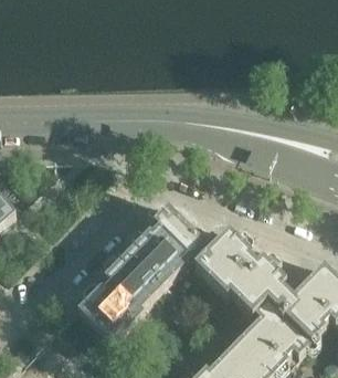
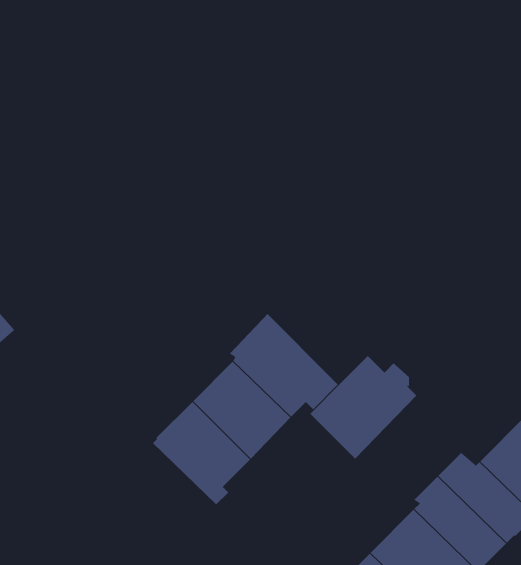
building: [220,252,286,315] -> none
building: [76,281,136,344] -> none

